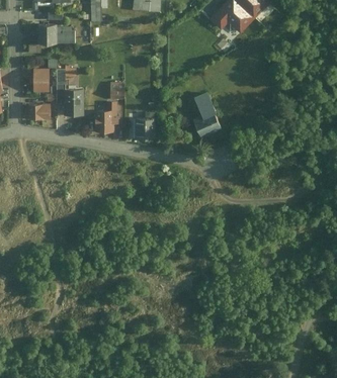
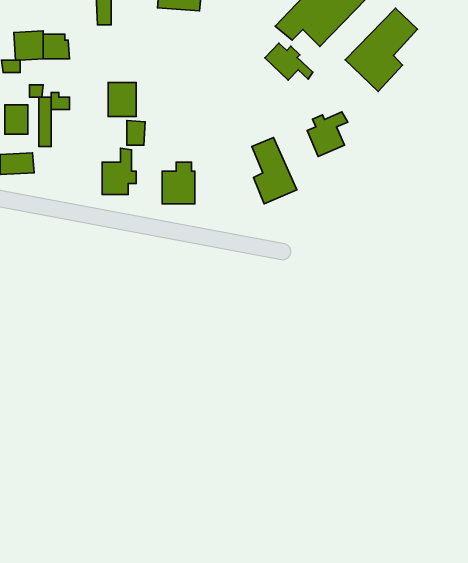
building: none -> [345,8,418,91]
building: none -> [265,43,313,80]
building: none -> [307,112,348,156]
building: [63,90,81,112] -> [108,83,136,117]

